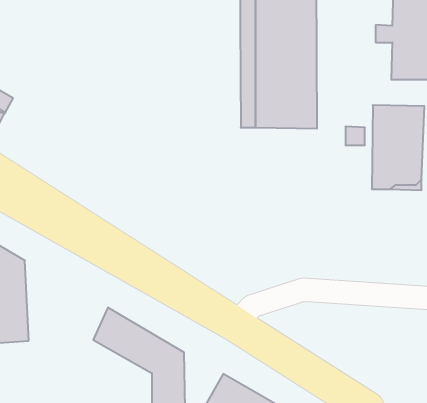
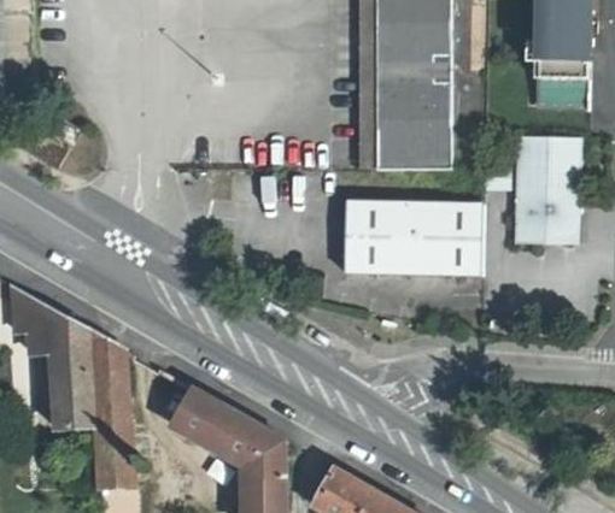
building: none -> [345,199,481,273]
building: none -> [88,330,133,485]

